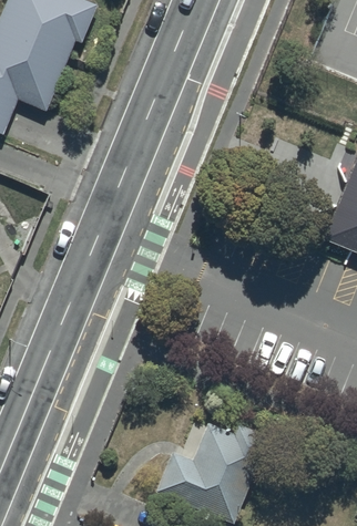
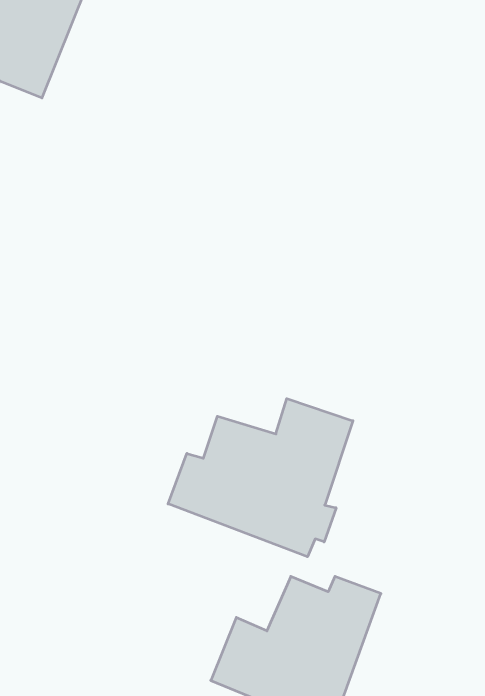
building: none -> [168,399,353,557]

